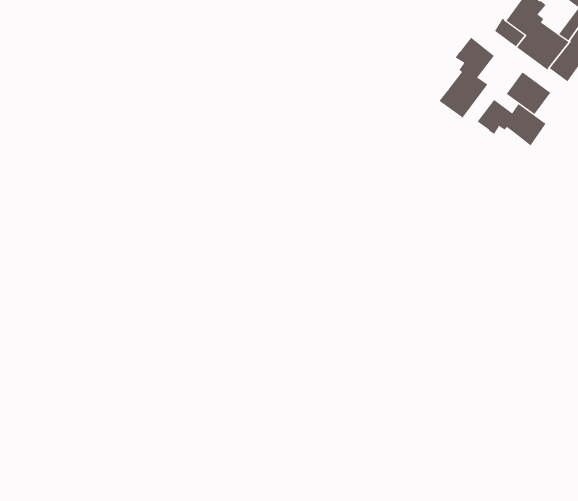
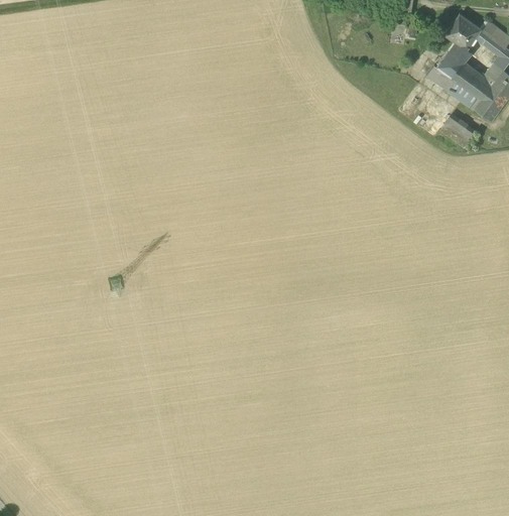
building: [438,37,495,119] -> none
building: [477,99,547,147] -> none

